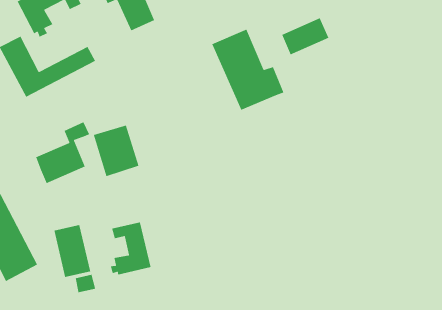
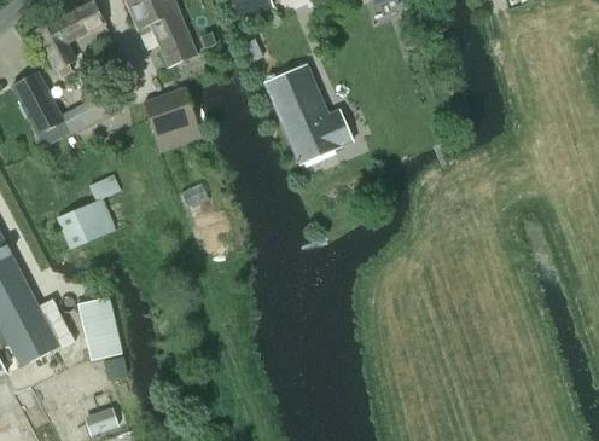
building: [281,17,329,55] -> none
building: [93,124,140,177] -> [145,86,200,149]
building: [110,222,152,276] -> none

